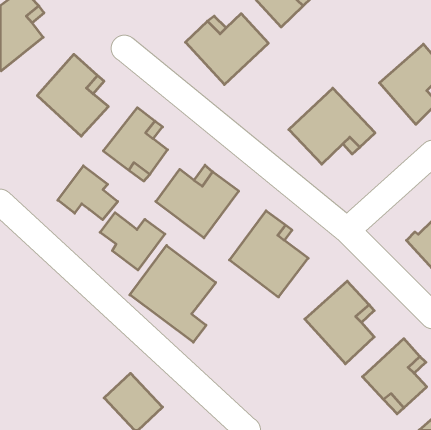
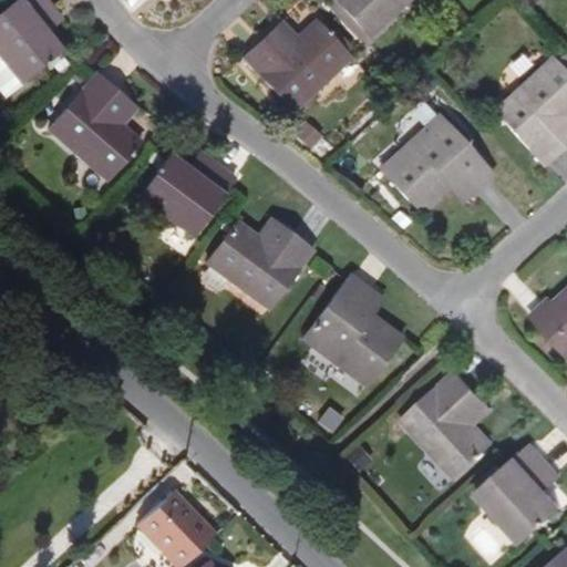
building: [58,166,118,220] -> none
building: [100,213,165,270] -> none
building: [130,245,216,342] -> none

